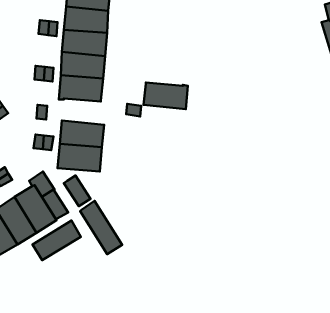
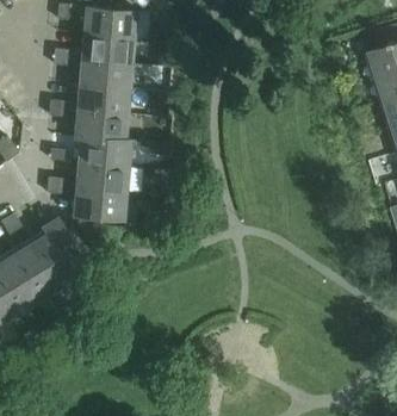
building: [144,83,188,109] -> [77,136,128,166]
building: [80,201,122,254] -> none
building: [33,220,81,260] -> none

